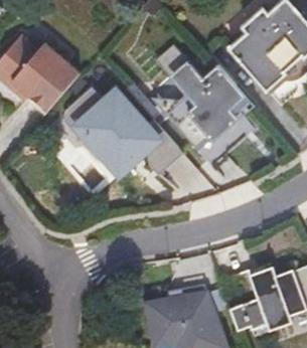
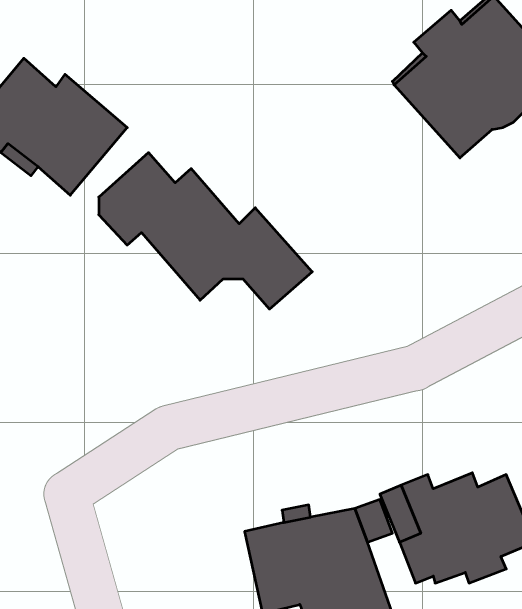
building: [167,59,255,167] -> none

